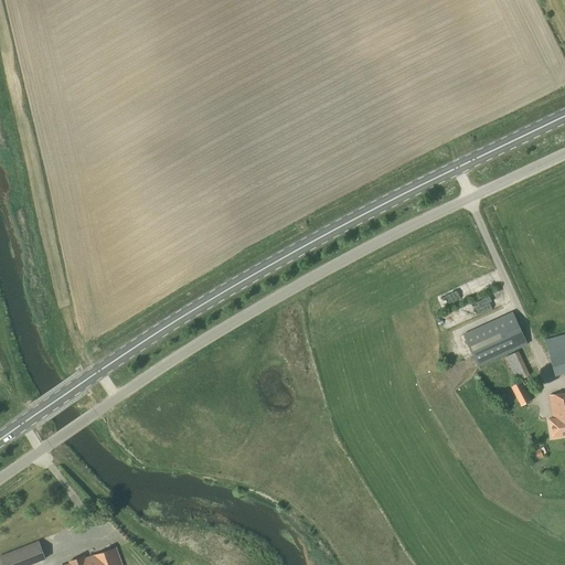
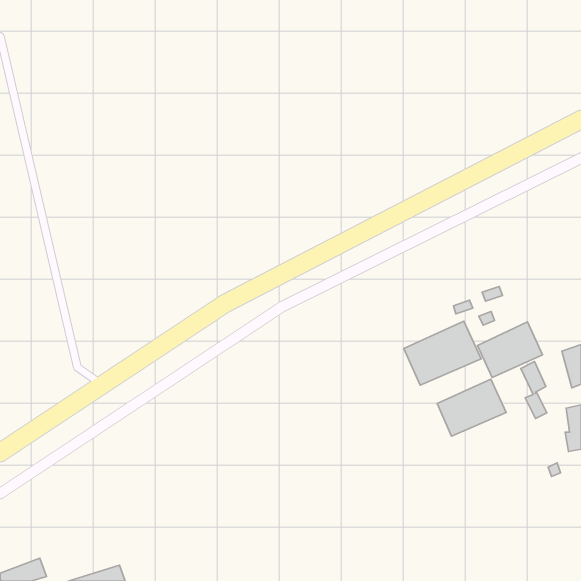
building: none -> [404,321,481,385]
building: none -> [437,379,506,436]

